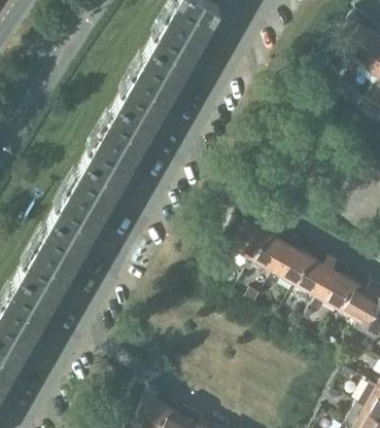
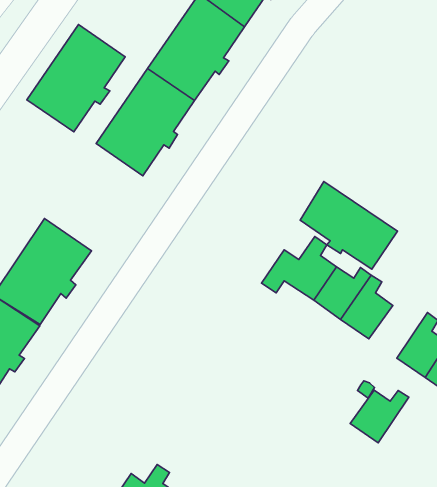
building: [58,162,127,240] -> [27,25,125,132]
building: none -> [300,181,397,269]
building: [301,260,342,299] -> [350,390,409,443]

